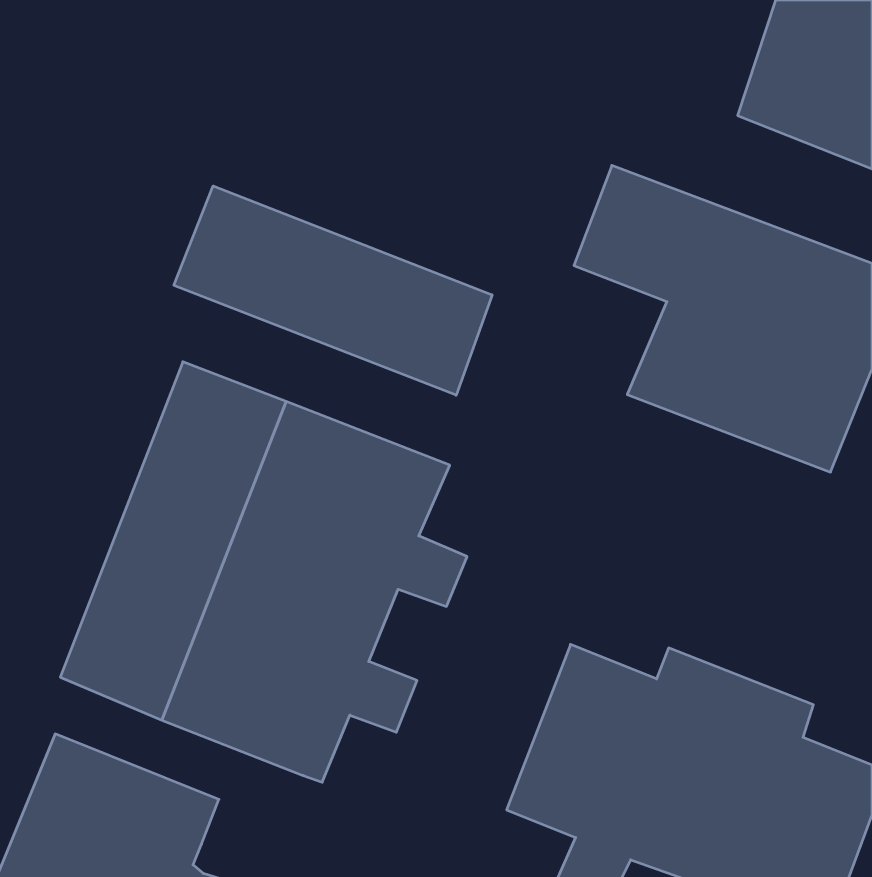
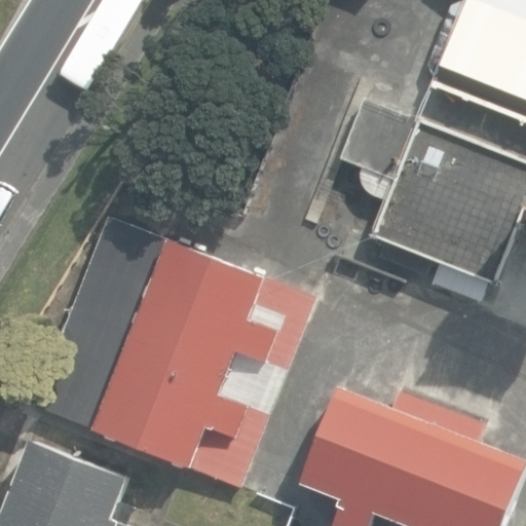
building: [174,186,492,395] -> none

